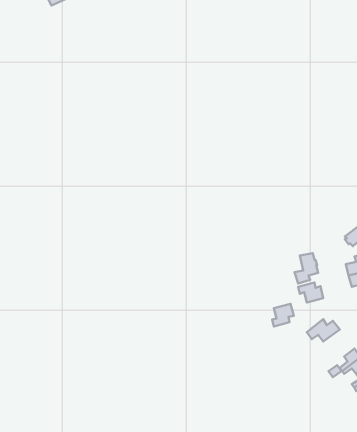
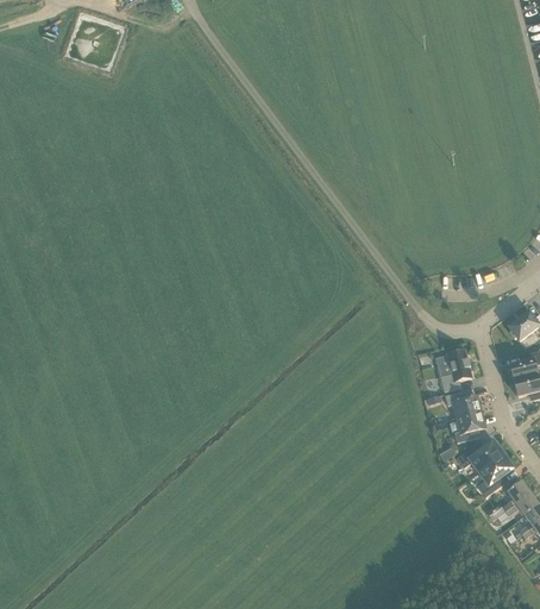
building: [272,304,294,326] -> [453,412,483,442]
building: none -> [476,454,510,497]

